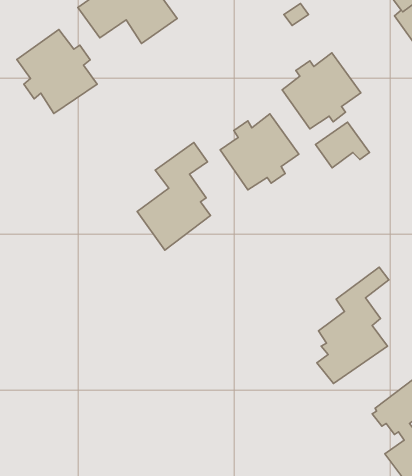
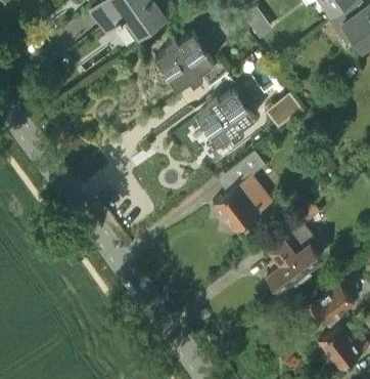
building: [17,30,97,114] -> none
building: [282,53,361,129] -> [155,33,214,89]
building: [137,142,210,250] -> [214,153,268,233]

